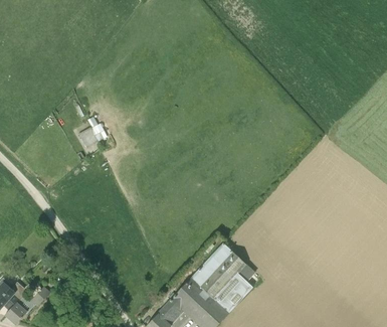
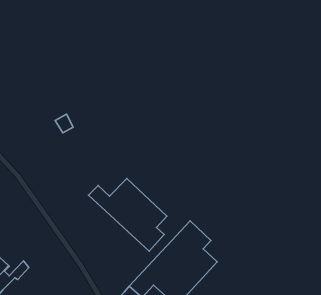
building: none -> [89,179,167,251]

